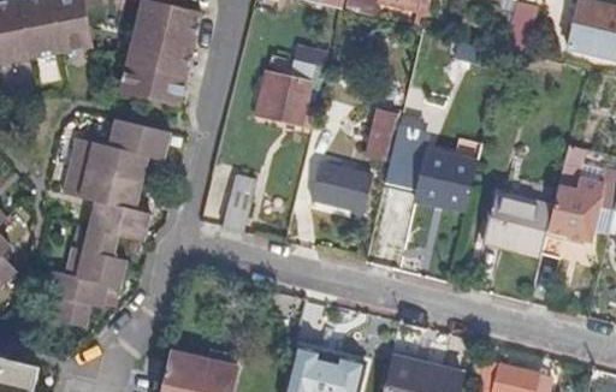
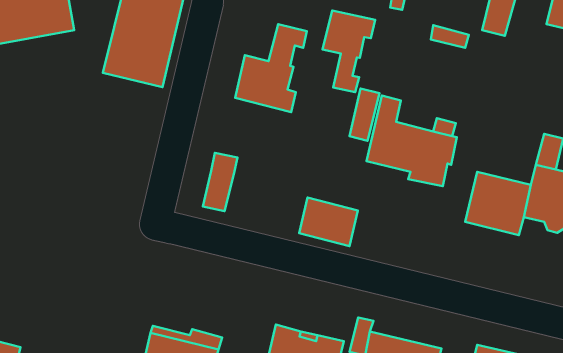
building: none -> [322,11,375,92]
building: [46,123,170,327] -> none
building: [312,161,371,210] -> [299,197,358,246]

